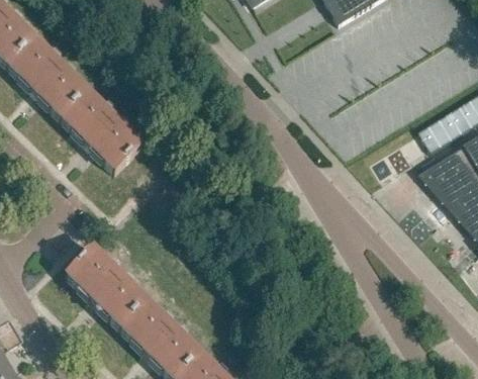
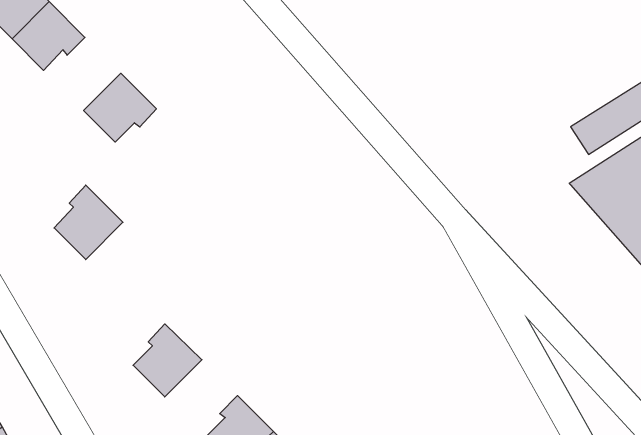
building: [40,66,91,119] -> none
building: [94,118,145,173] -> [54,185,123,260]
building: [70,249,123,299] -> none
building: [123,302,177,353] -> none

